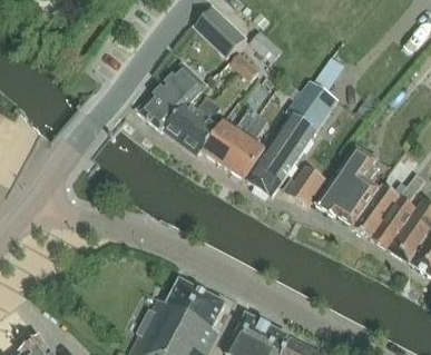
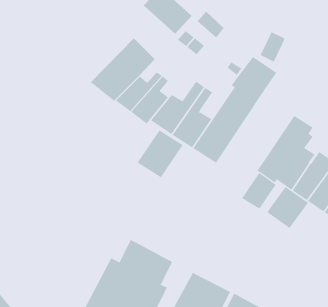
building: none -> [137,129,183,178]
building: [287,164,325,204] -> [241,172,276,210]
building: none -> [266,186,309,229]

